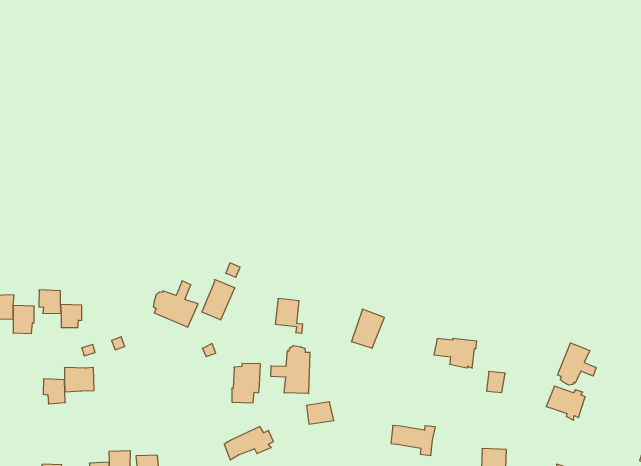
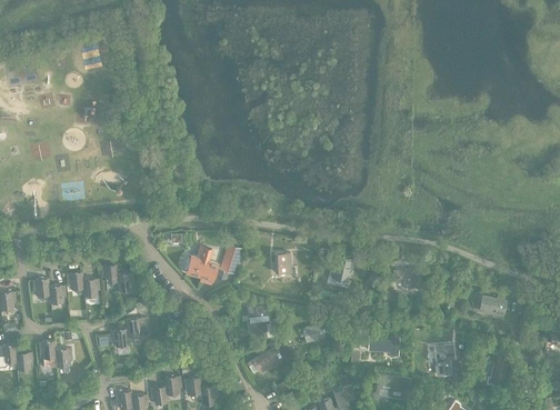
building: [557,343,596,385] -> none
building: [271,346,310,394] -> none

